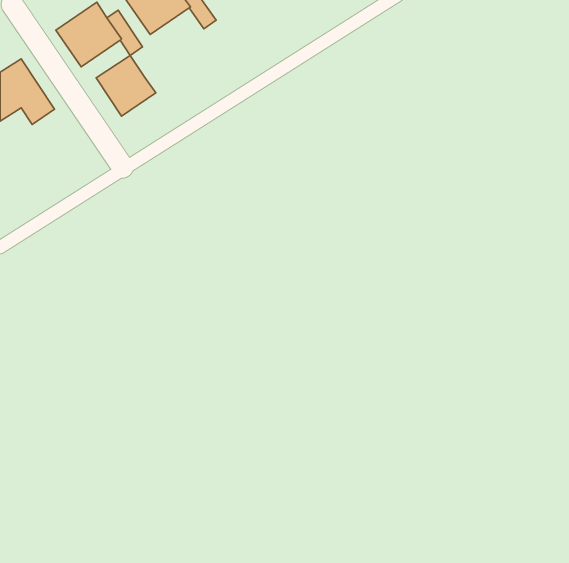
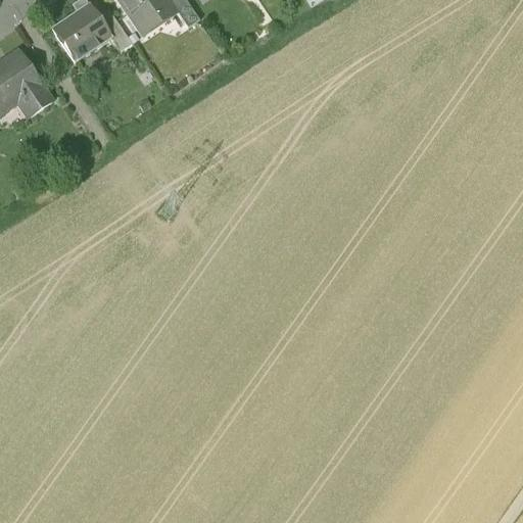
building: [96,56,156,116] -> none

